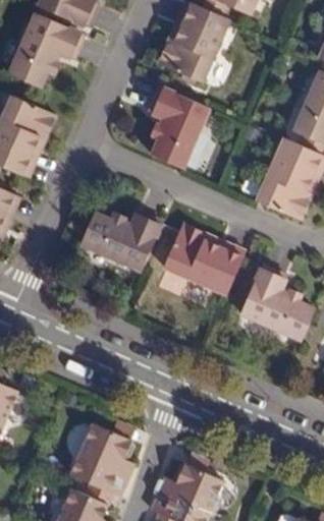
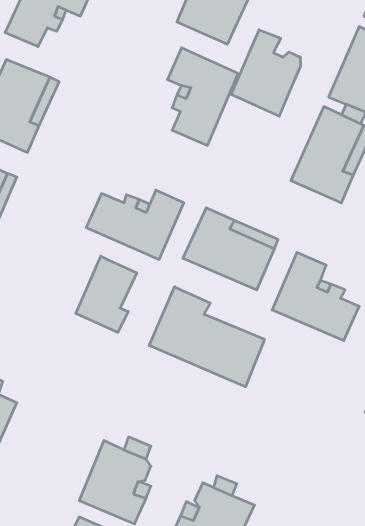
building: none -> [231,30,300,116]
building: none -> [76,256,137,332]
building: none -> [149,287,264,387]

